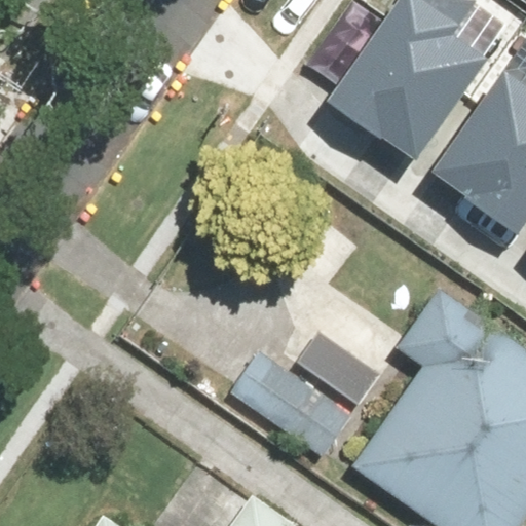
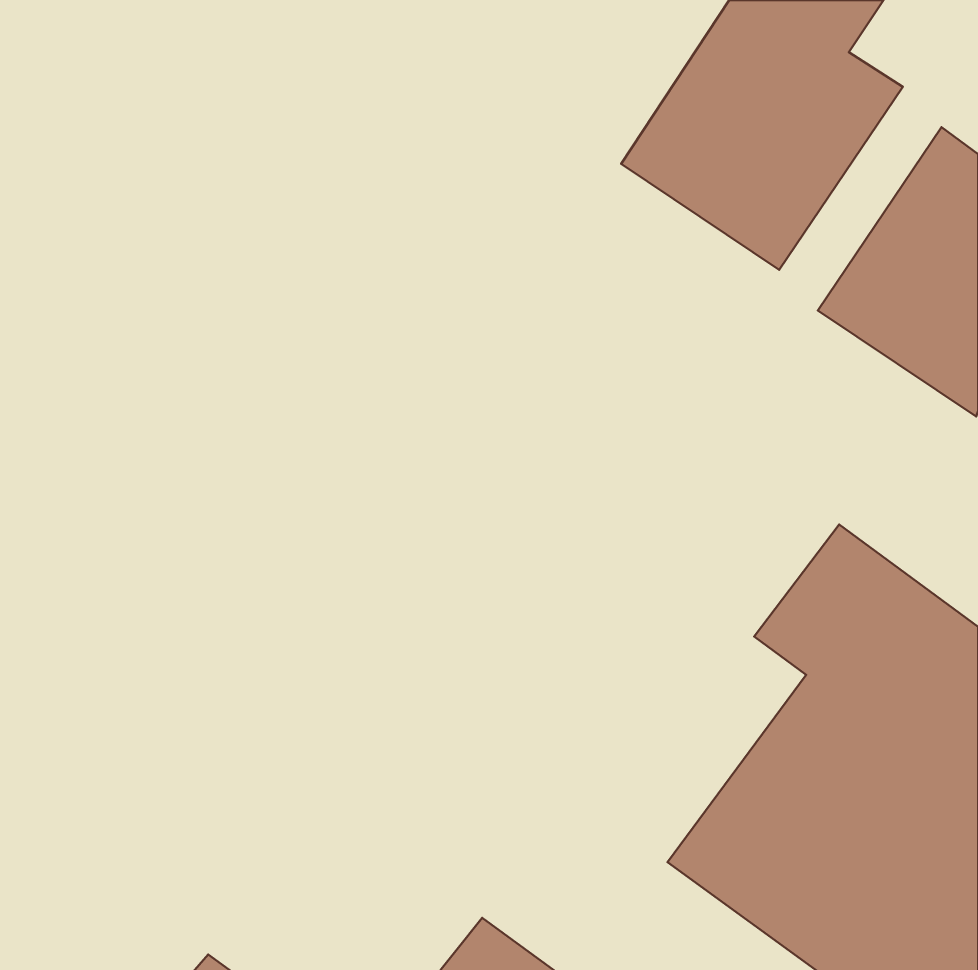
building: [231,337,378,453] -> none

